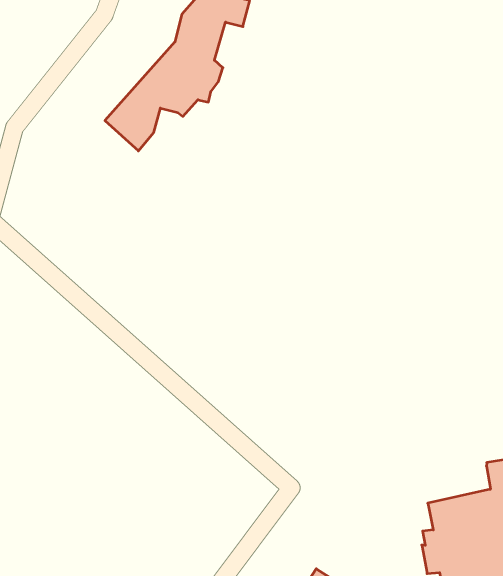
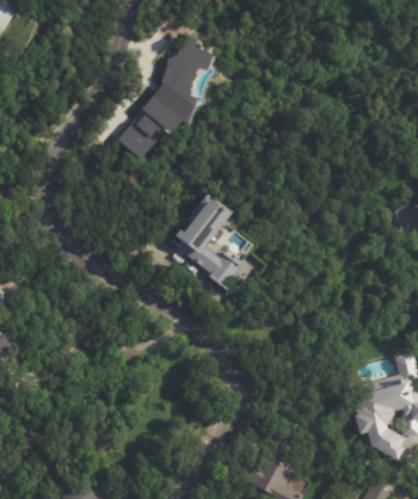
building: none -> [177,196,248,288]

